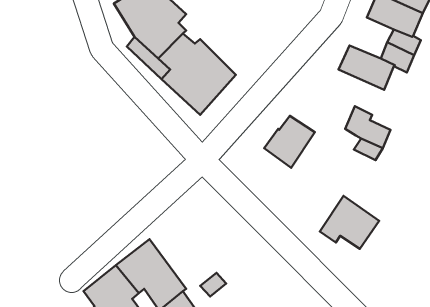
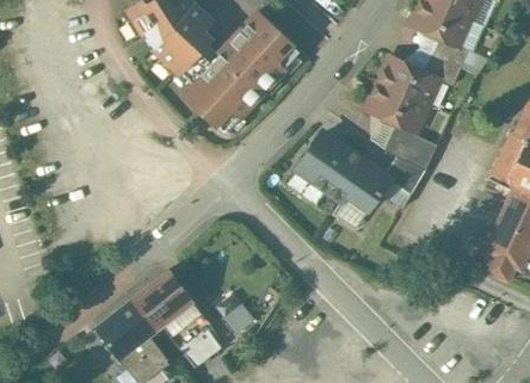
building: none -> [226,12,300,88]
building: none -> [365,82,429,132]
building: [320,196,379,249] -> [326,152,392,210]

